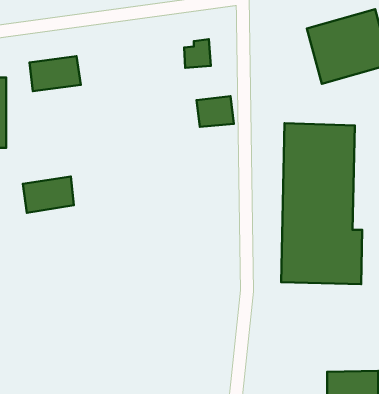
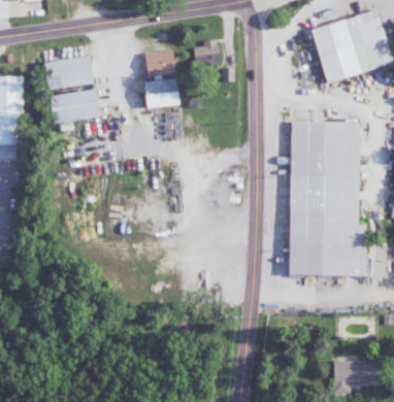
building: none -> [145,49,176,76]
building: [197,96,234,127] -> [144,77,180,107]
building: [23,176,74,213] -> [51,89,100,124]

